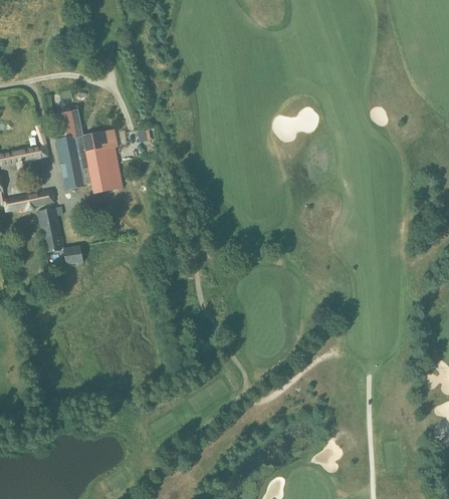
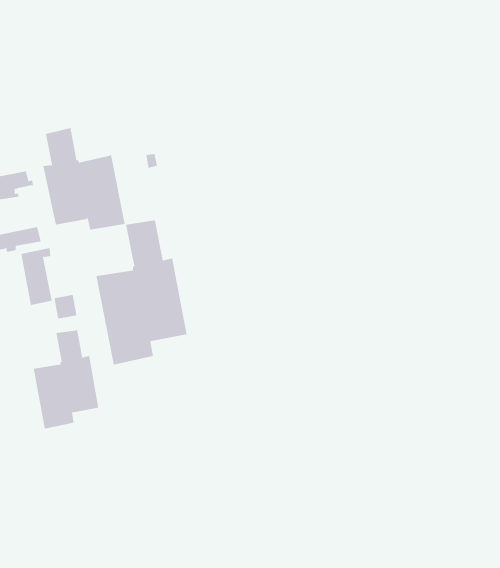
building: none -> [96,220,187,366]
building: none -> [33,329,99,429]

